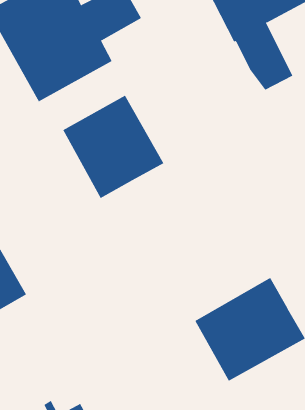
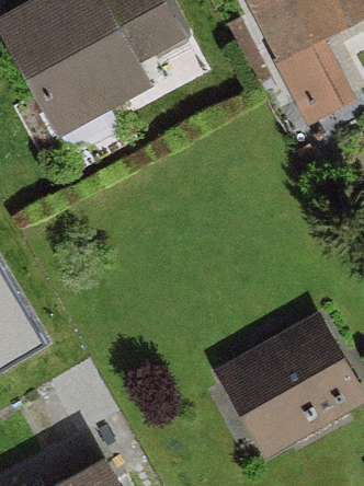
building: [63,95,164,199] -> none

